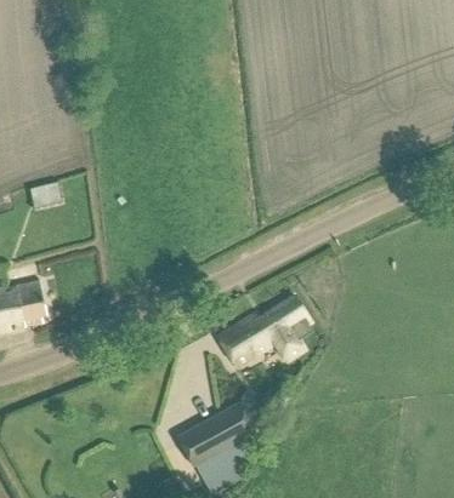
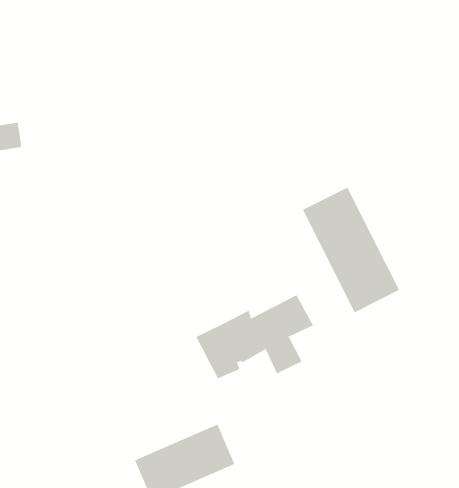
building: none -> [302,187,400,313]

